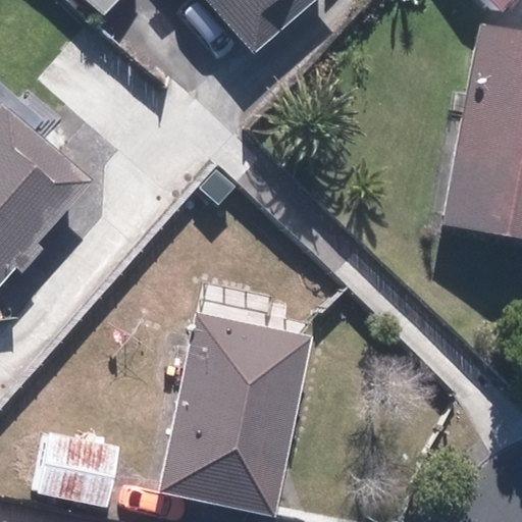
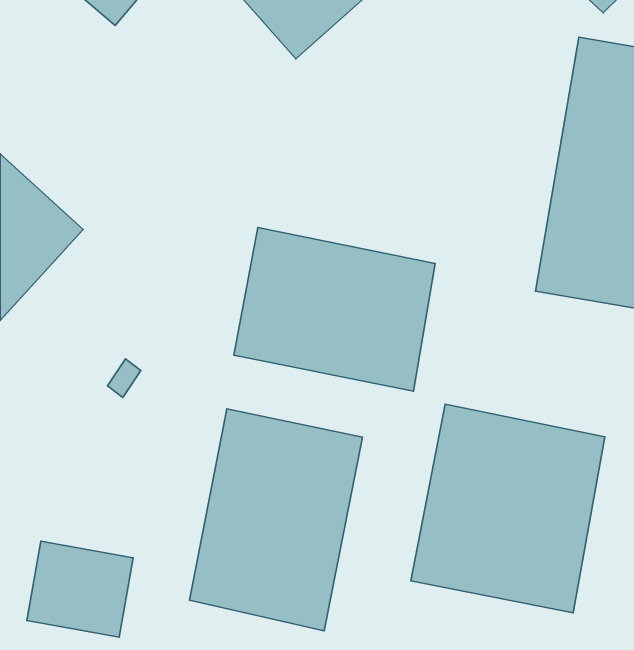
building: none -> [234,228,435,391]
building: none -> [411,404,605,613]

